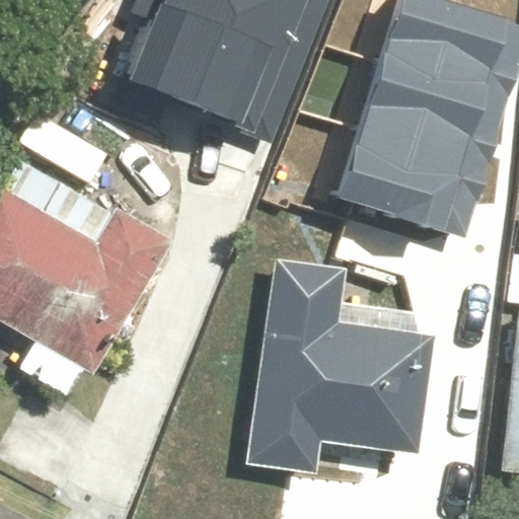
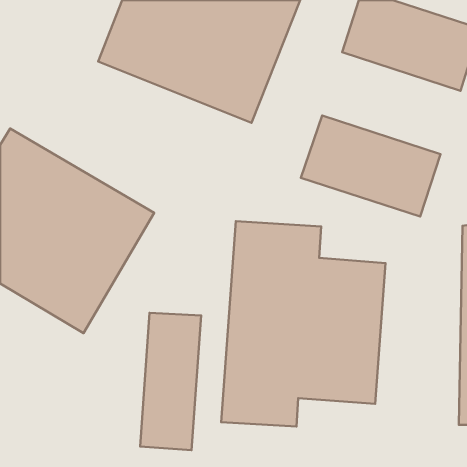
building: [358,60,511,172] -> none
building: none -> [140,313,201,450]

